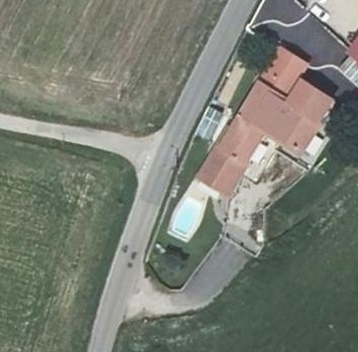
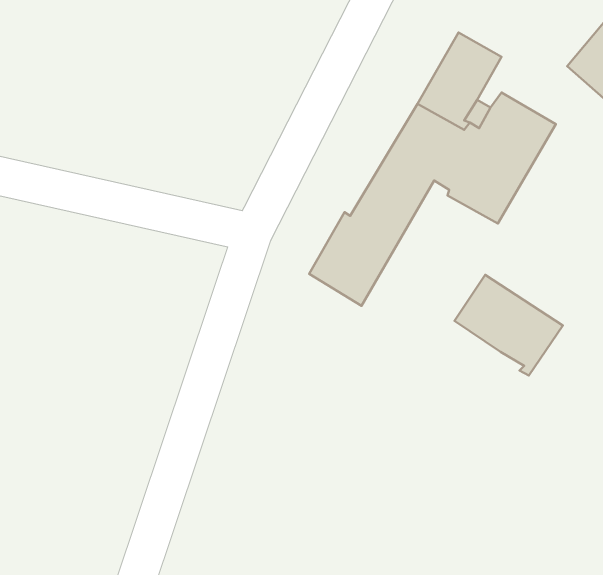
building: none -> [454,275,563,375]

